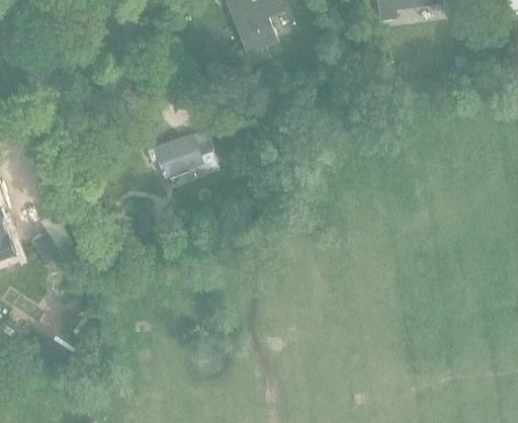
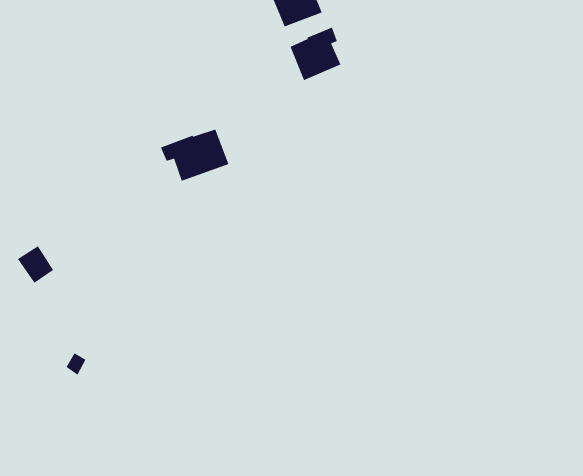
building: none -> [290,27,342,81]

